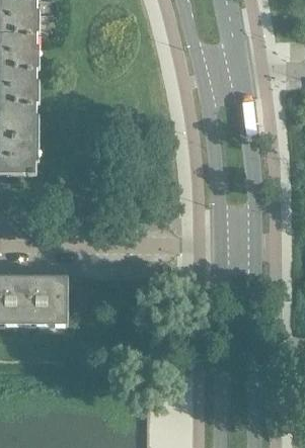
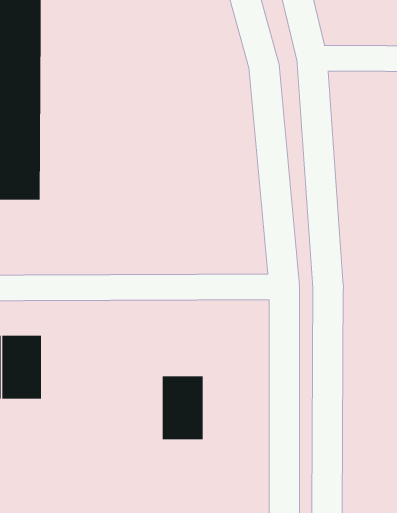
building: [35,275,67,324] -> [162,376,203,440]

